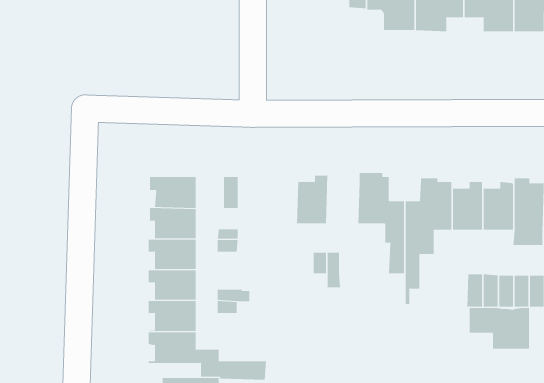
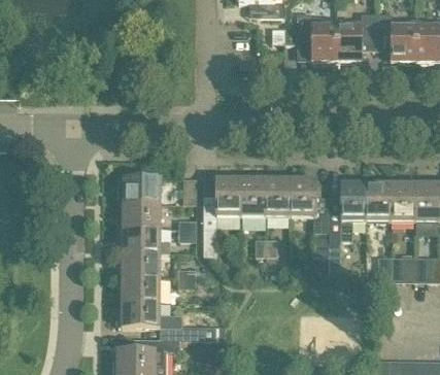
building: none -> [202,174,241,254]
building: none -> [265,174,291,215]
building: [469,307,529,349] -> none

